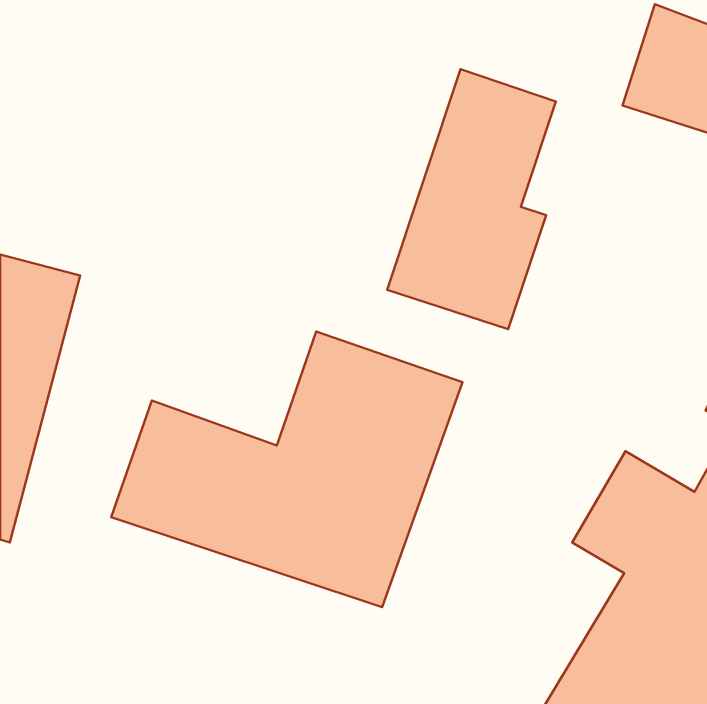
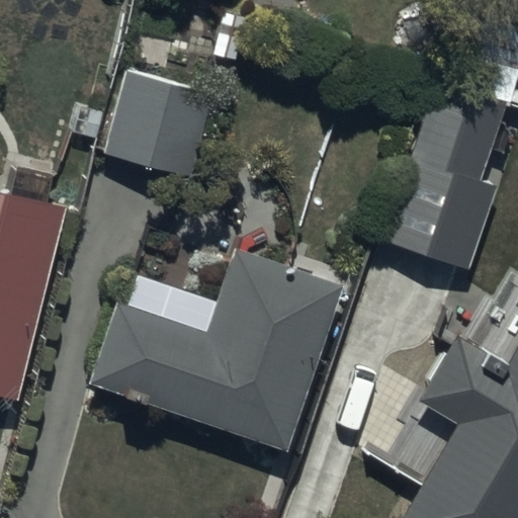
building: [387,69,556,329] -> [383,83,505,270]
building: none -> [103,73,212,176]

